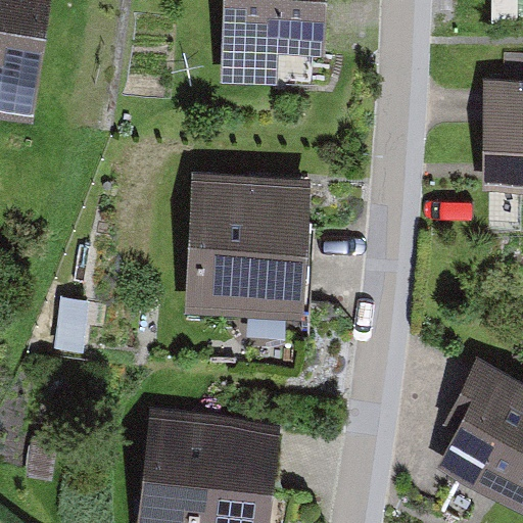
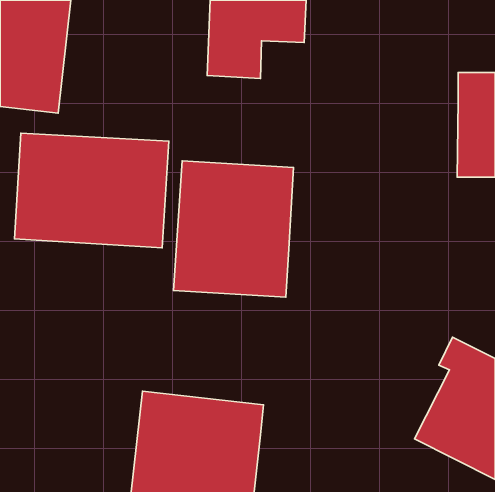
building: none -> [15,133,169,248]

